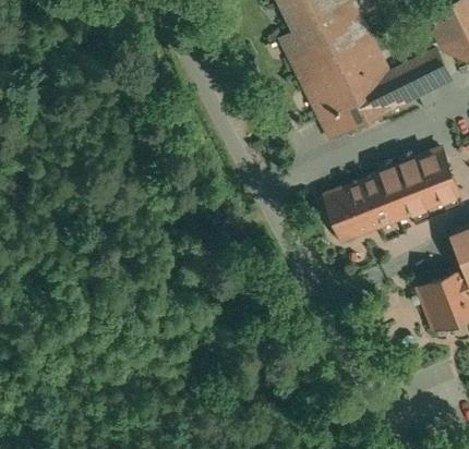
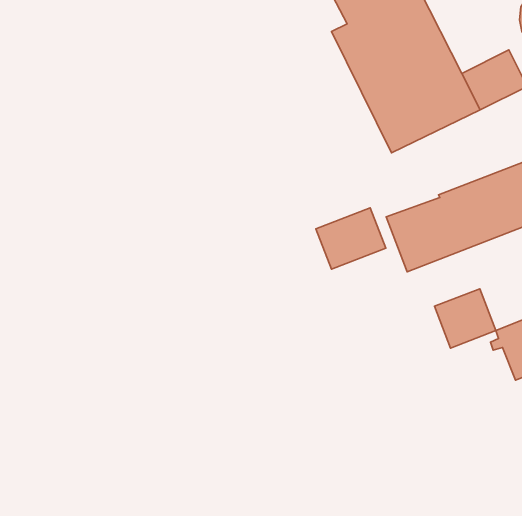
building: none -> [316,208,386,269]
building: none -> [434,289,496,348]

